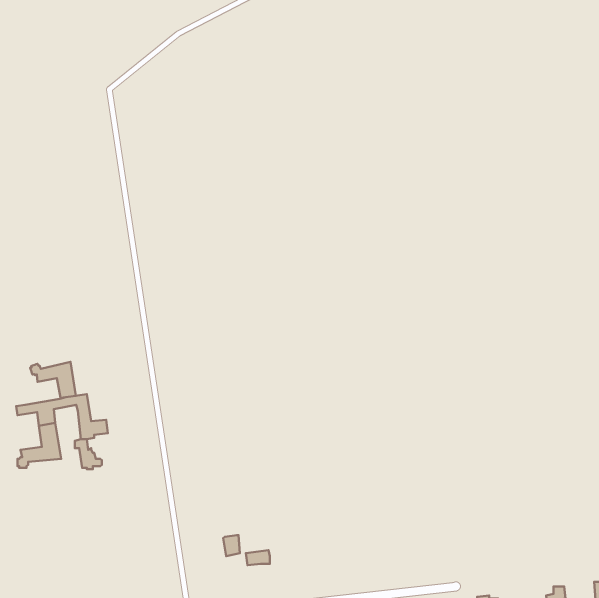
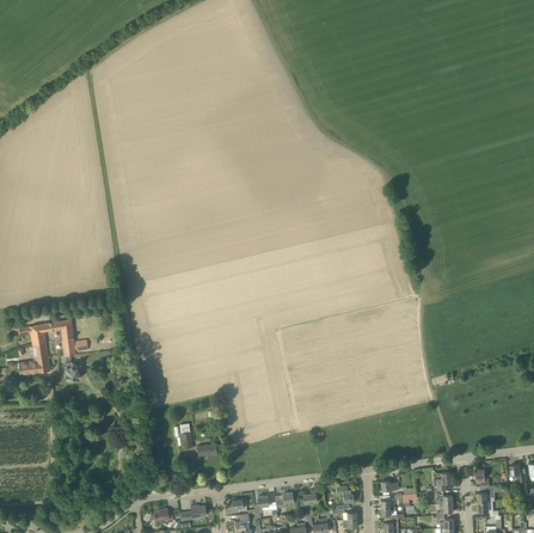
building: [30,362,76,398] -> none

